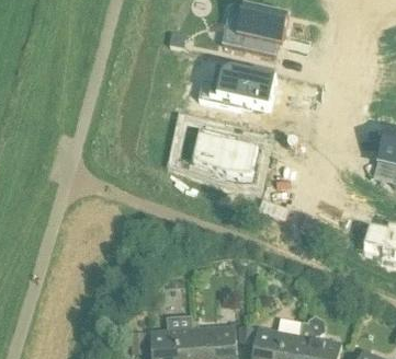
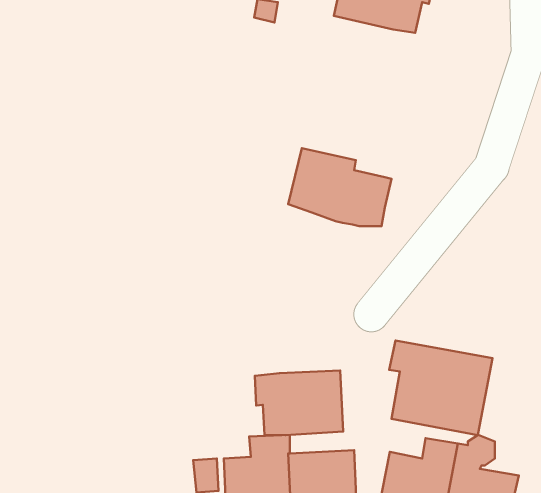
building: [196,72,272,113] -> none
building: none -> [389,340,492,435]
building: none -> [255,370,343,435]

